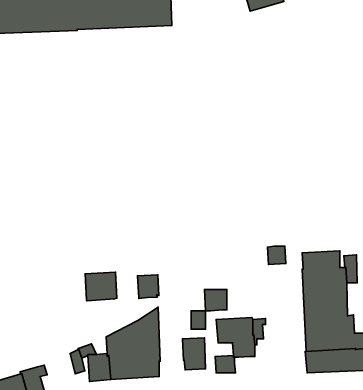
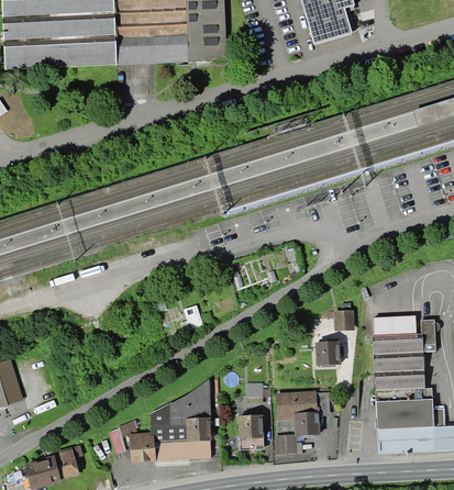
building: [85,272,117,301] -> none
building: [138,275,159,299] -> none
building: [205,290,227,311] -> [314,342,340,366]

